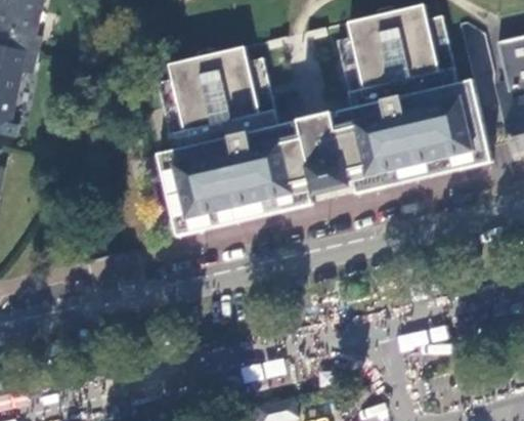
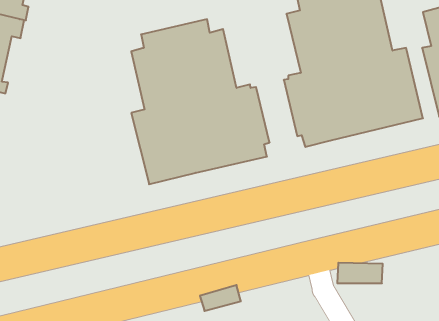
building: [302,116,349,187] -> none

